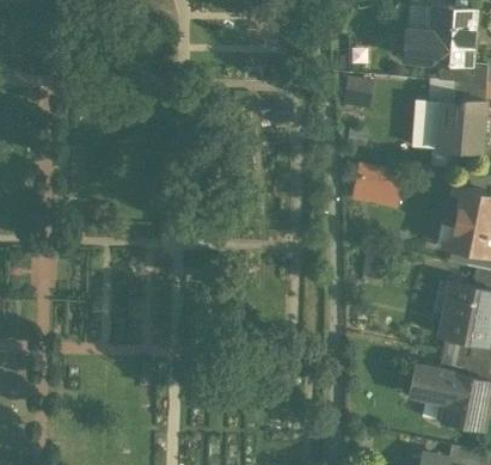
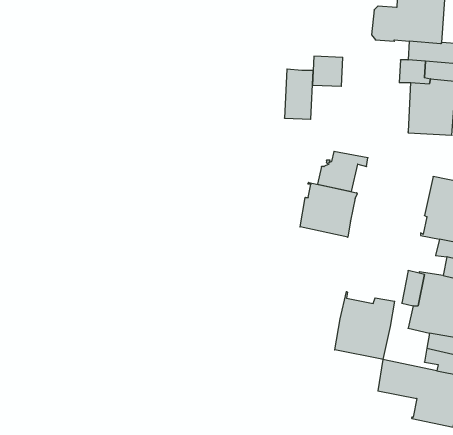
building: [412,100,440,148] -> [284,69,313,119]
building: none -> [300,182,357,237]
building: none -> [335,292,395,360]

